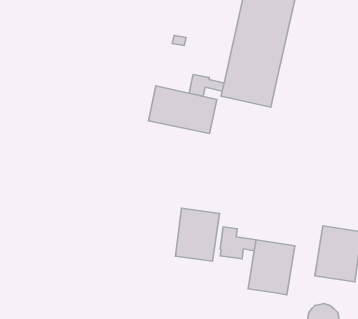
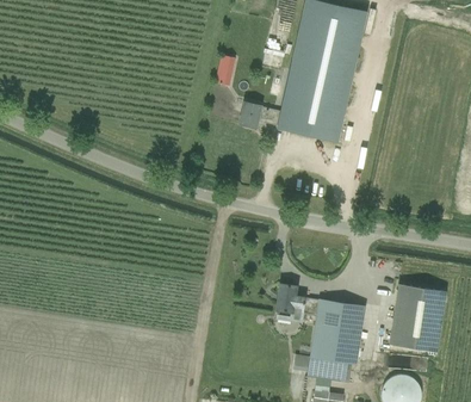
building: [148,86,217,133] -> none
building: [175,208,219,261] -> none
building: none -> [308,360,343,384]

